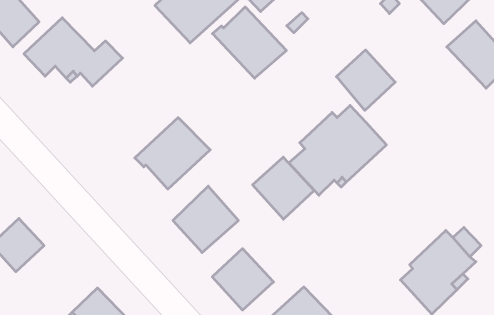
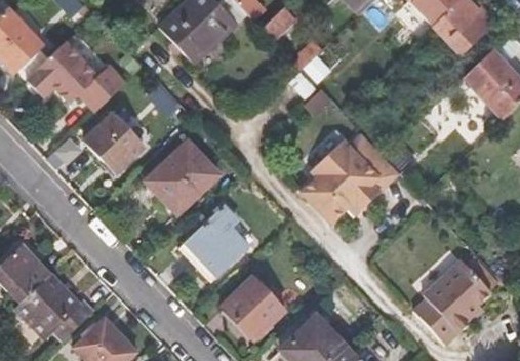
building: [212,7,286,78] -> none
building: [336,50,395,110] -> none
building: none -> [85,117,145,176]
building: [253,157,314,219] -> none
building: none -> [17,274,95,338]

